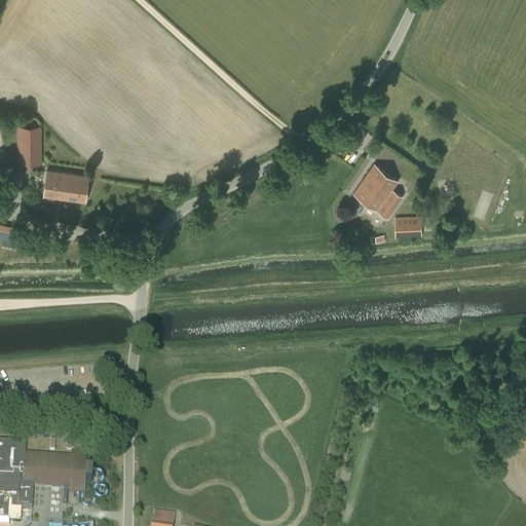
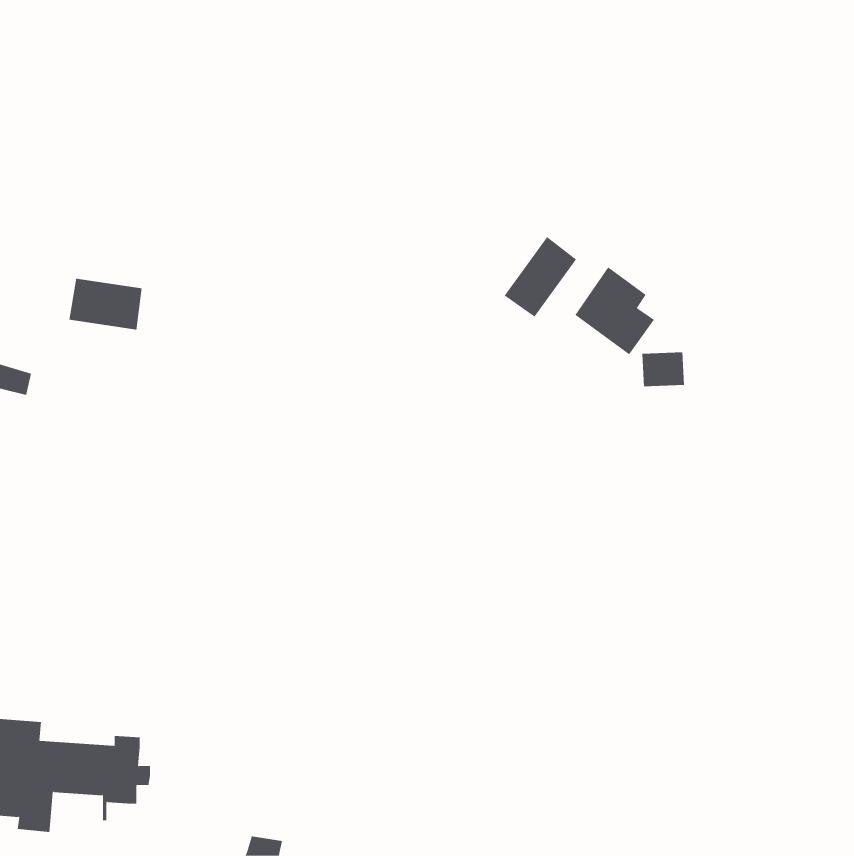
building: [16,127,40,164] -> none
building: none -> [504,236,577,317]

